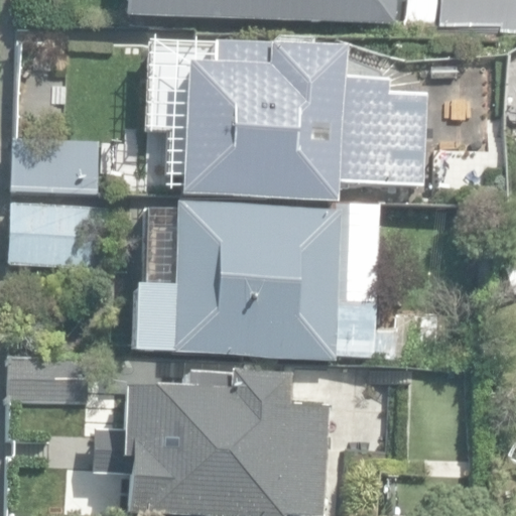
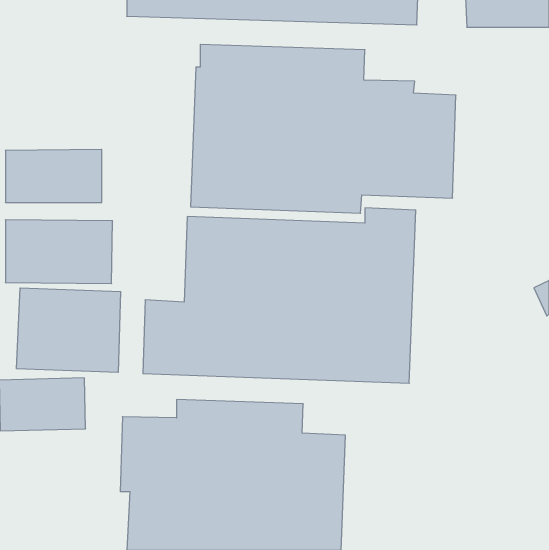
building: none -> [17,288,121,372]

